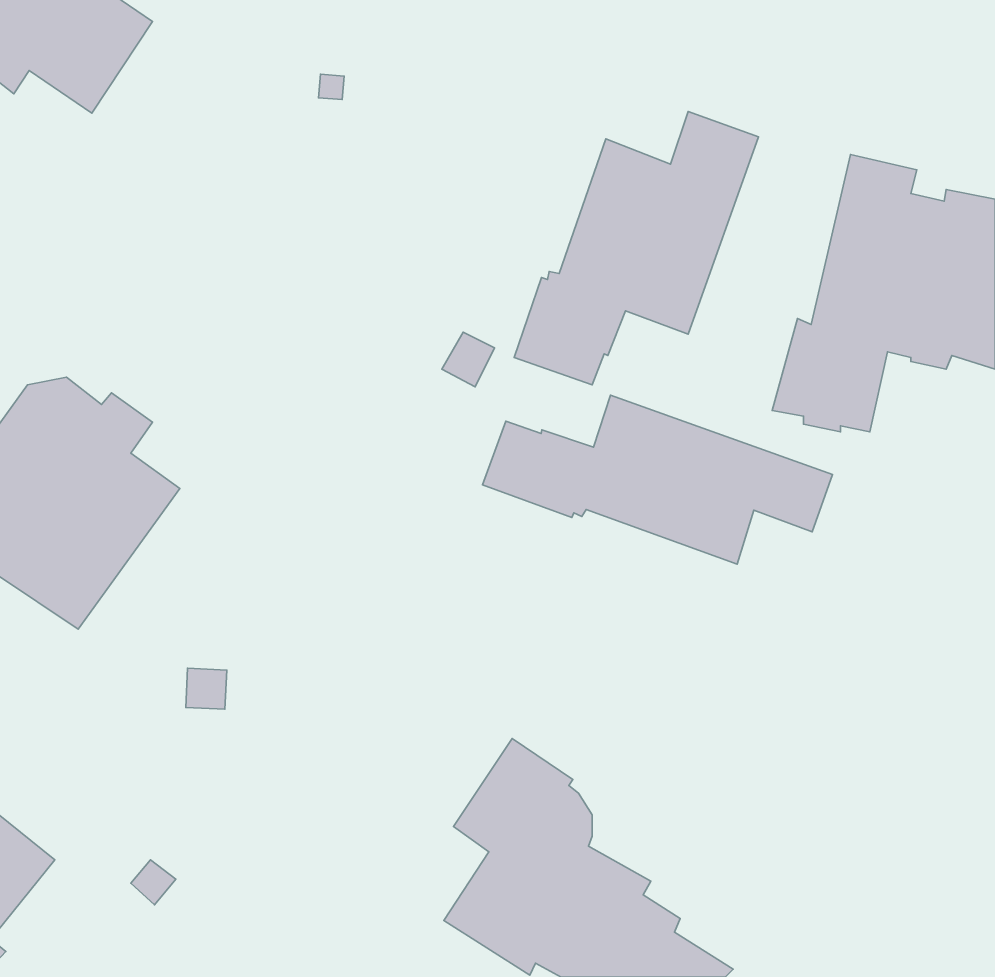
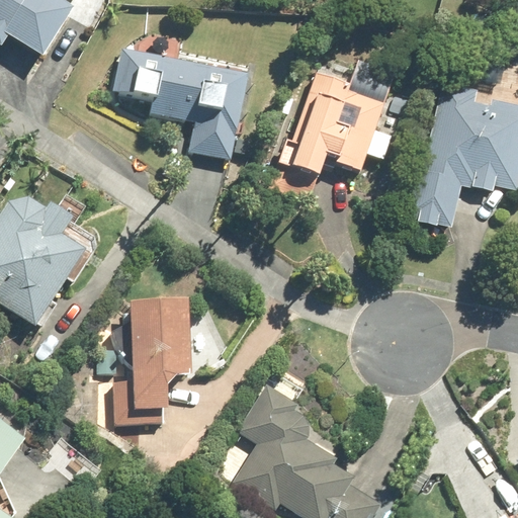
building: none -> [109,45,248,161]
building: [483,395,832,564] -> none
building: none -> [116,305,199,422]

